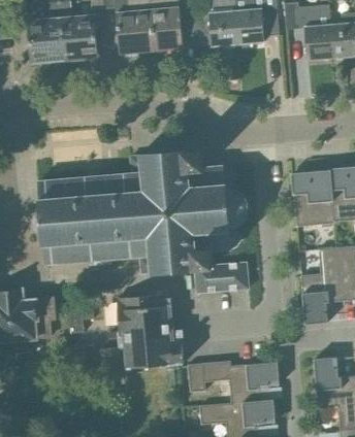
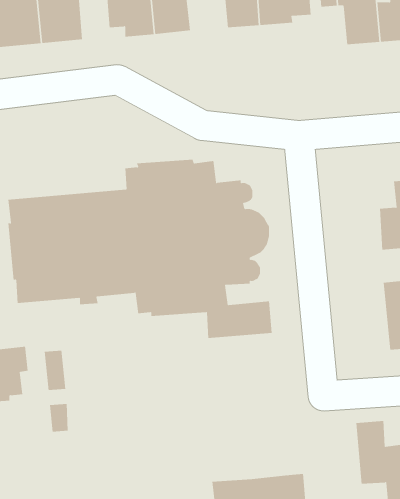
building: [293,170,334,226] -> none
building: [300,247,341,324] -> none
building: [100,294,180,369] -> none
building: [187,361,279,403] -> none

